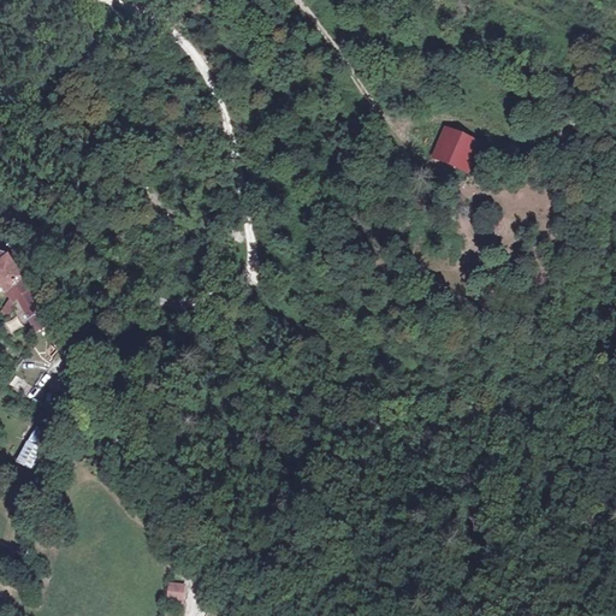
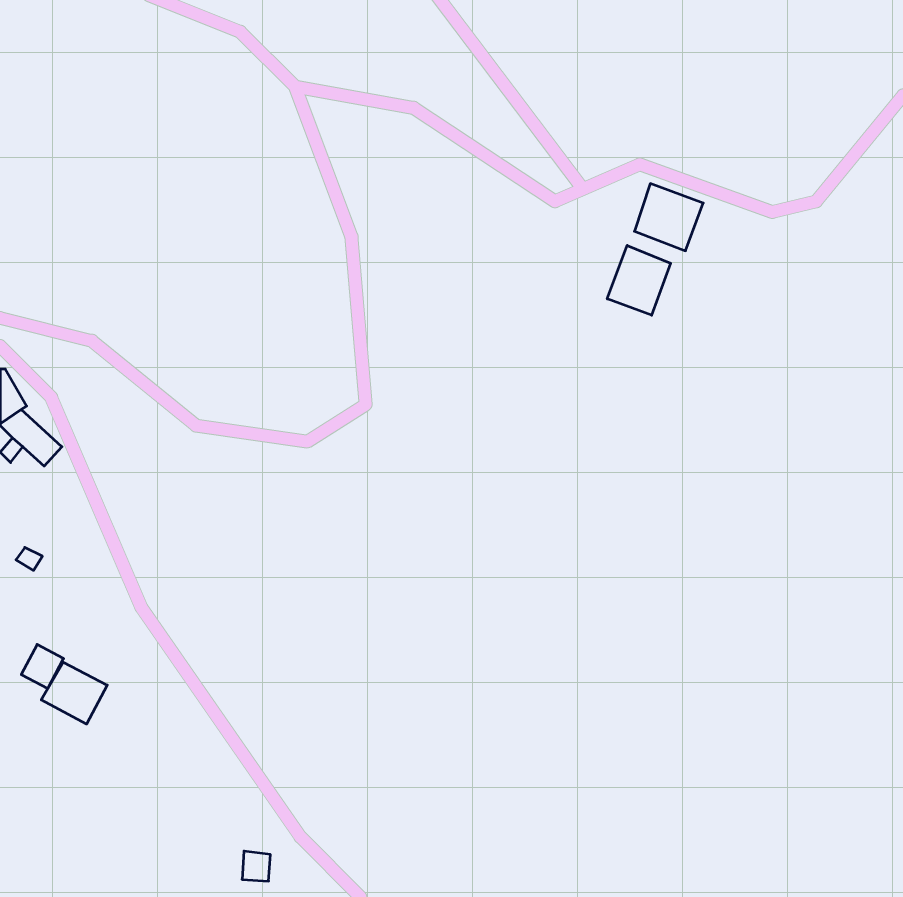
building: none -> [607,245,671,315]
building: none -> [41,662,107,724]

